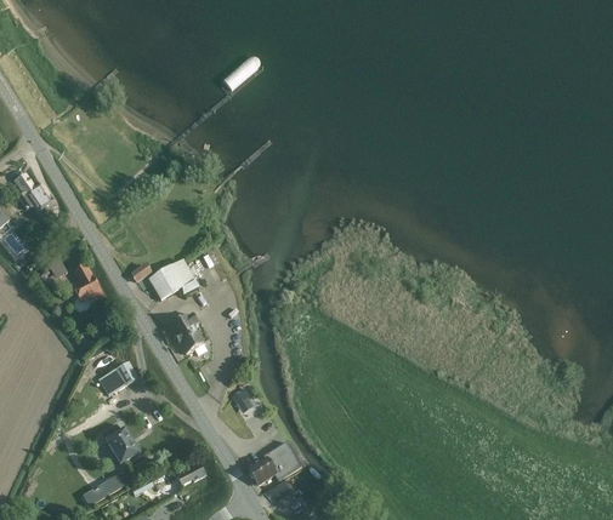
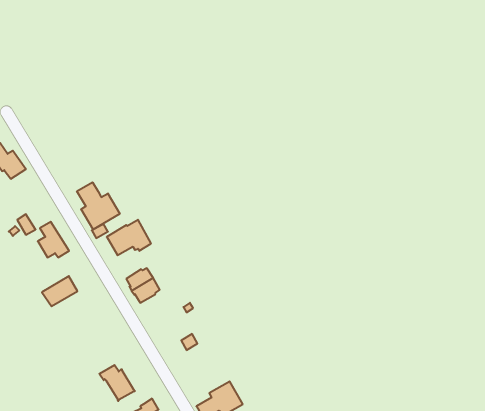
building: none -> [77,182,120,230]
building: [97,361,137,395] -> [42,276,77,306]
building: [98,424,138,464] -> [99,365,135,401]

